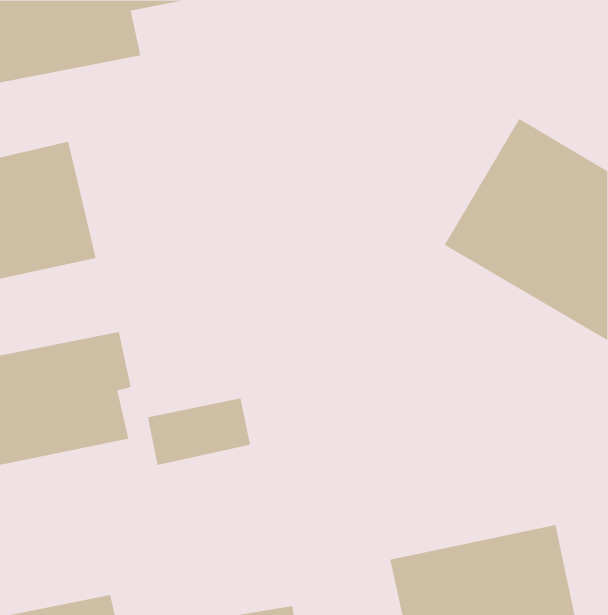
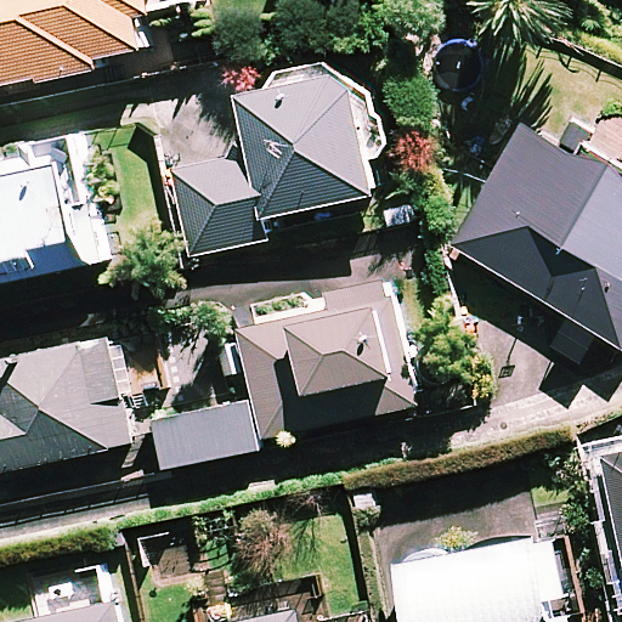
building: none -> [166,68,372,256]
building: none -> [232,285,414,441]

